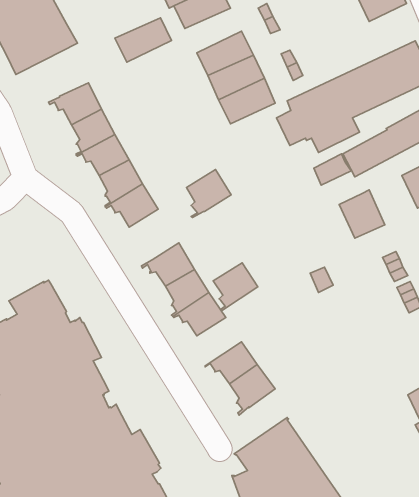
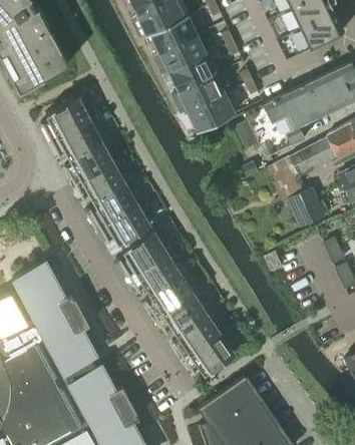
building: [115,18,171,62] -> [159,36,207,73]
building: [187,169,231,218] -> [113,203,150,244]
building: [213,263,258,311] -> [169,294,207,334]

